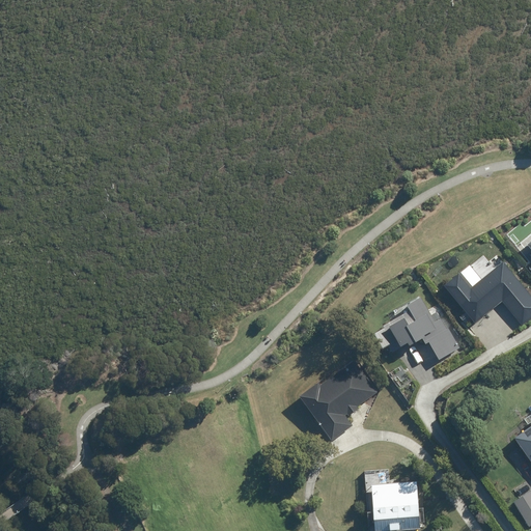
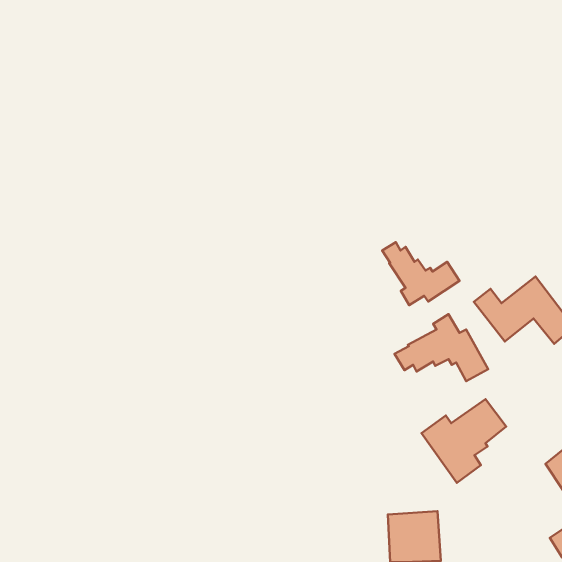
building: none -> [382,242,460,305]
building: [297,363,376,442] -> [421,399,506,483]

